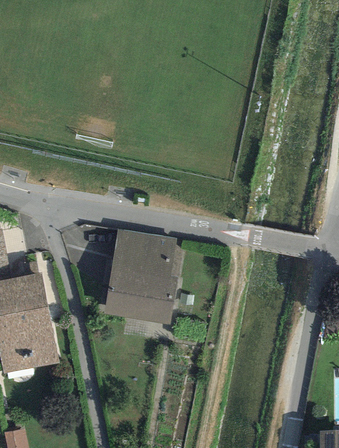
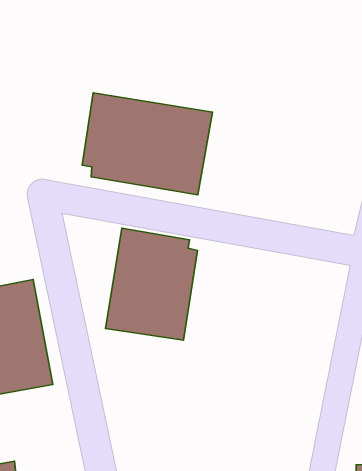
building: none -> [82,93,213,195]

